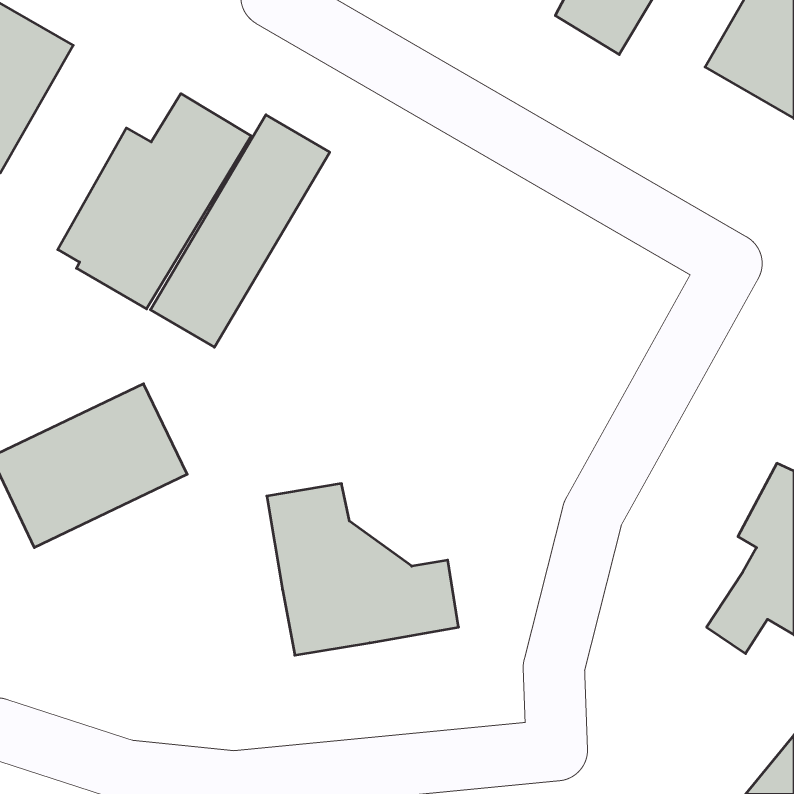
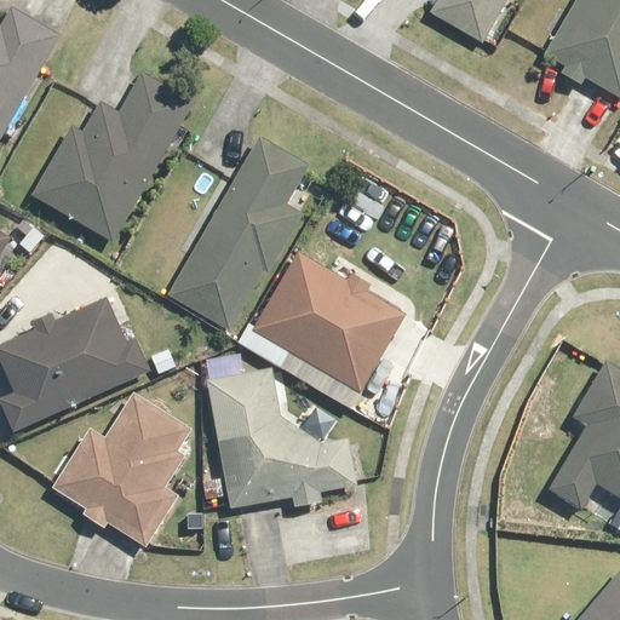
building: [150,115,330,347] -> [172,144,311,325]
building: none -> [263,259,401,385]
building: none -> [52,394,196,550]

